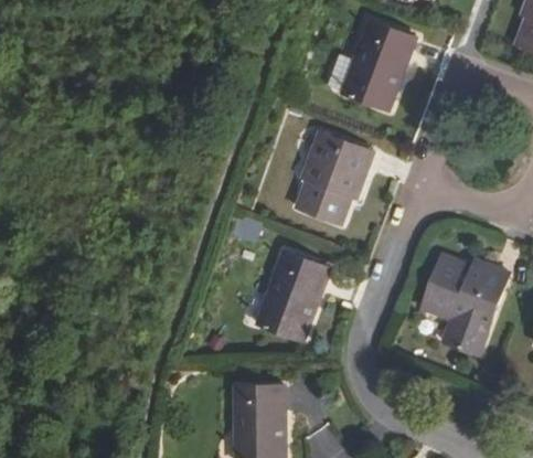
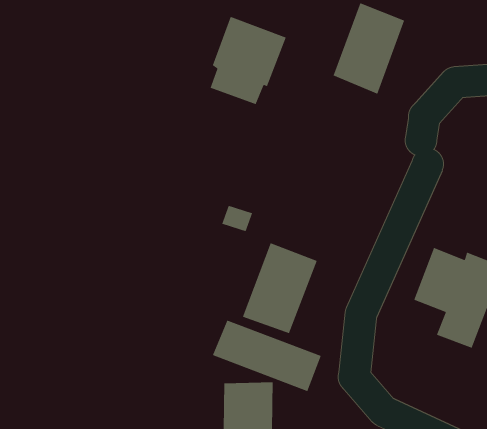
building: [296,136,371,223] -> [210,16,287,105]
building: none -> [212,319,322,392]

